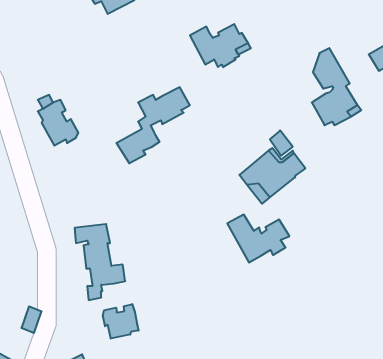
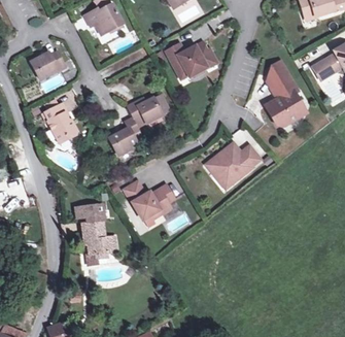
building: none -> [29,49,63,79]
building: [227,215,289,263] -> [125,180,175,220]
building: [103,304,139,339] -> none

